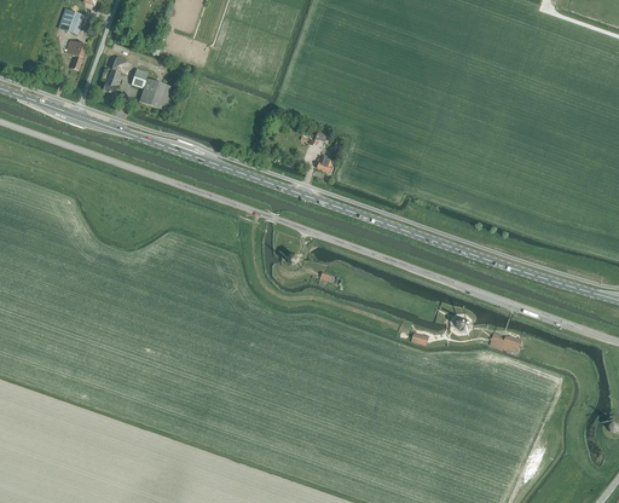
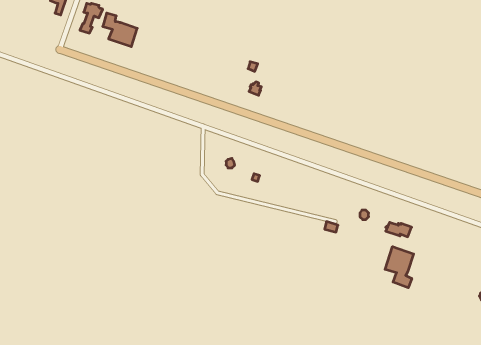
building: none -> [385,247,414,288]

